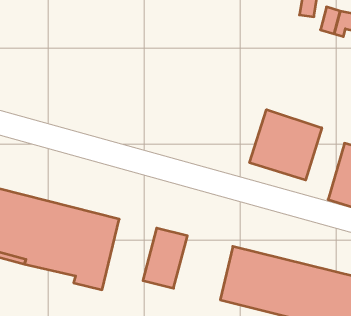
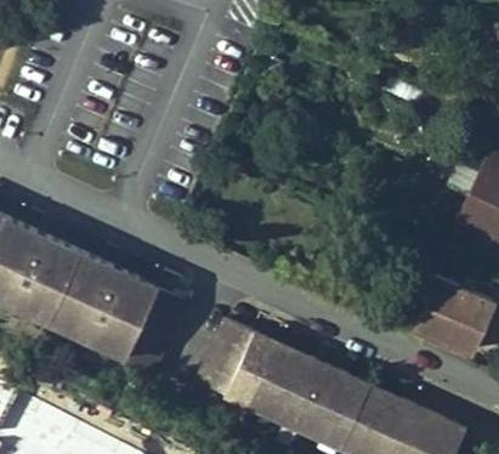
building: [250,110,322,180] -> none
building: none -> [223,333,297,410]

